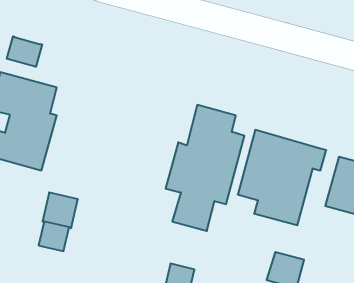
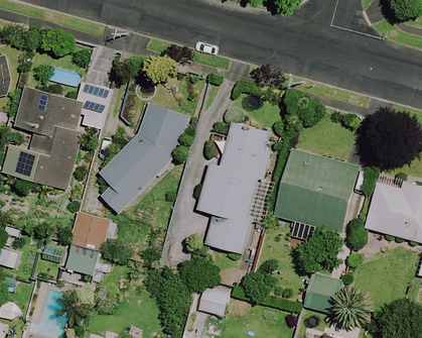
building: [7,36,42,67] -> none
building: none -> [100,96,186,213]

